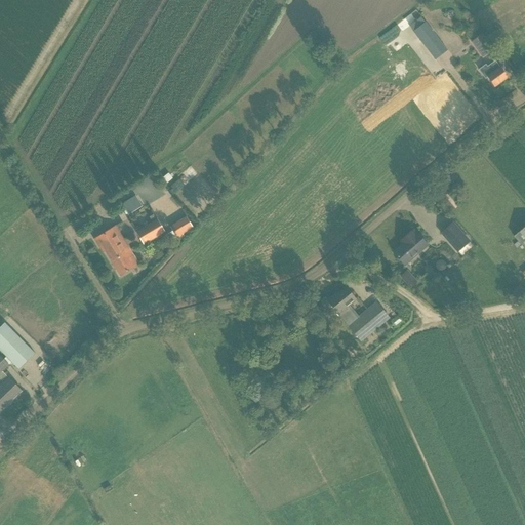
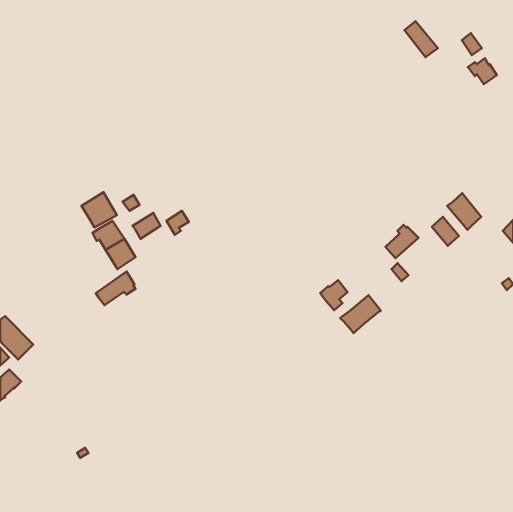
building: none -> [82,192,117,228]
building: none -> [447,193,481,230]
building: none -> [96,271,135,305]

